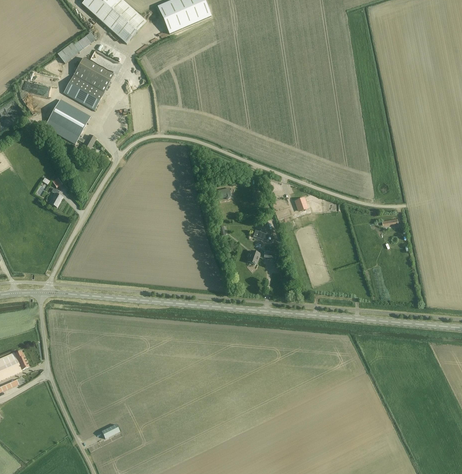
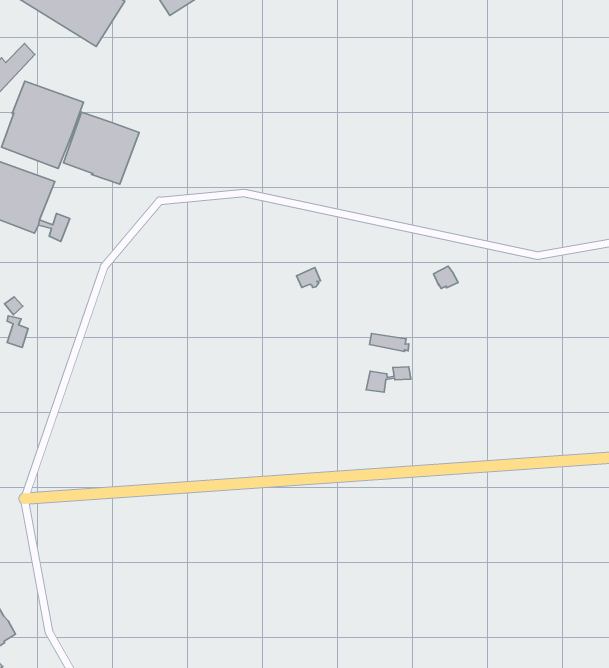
building: none -> [63,112,139,184]

